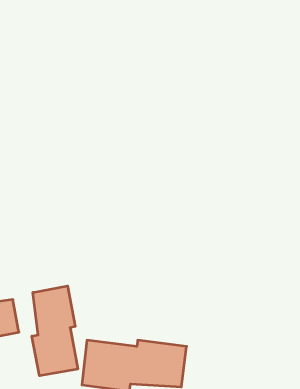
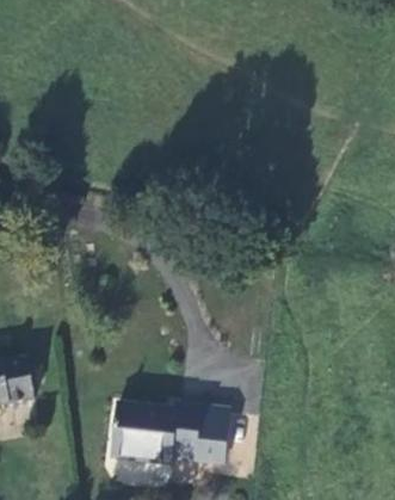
building: [32,286,78,376] -> none

